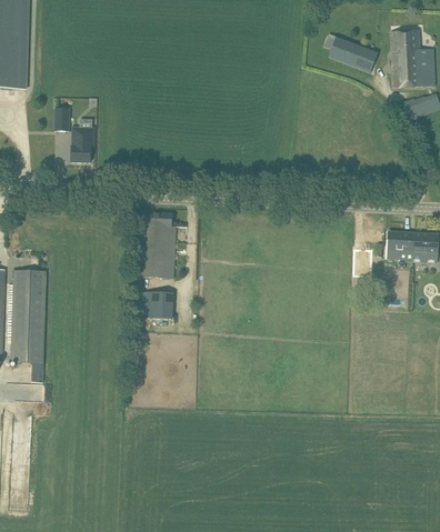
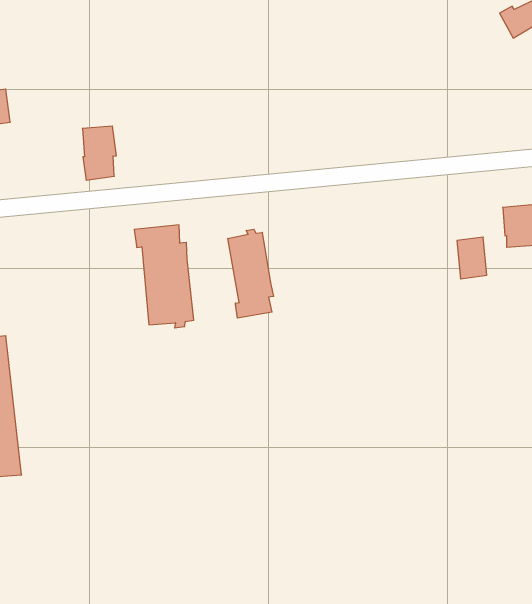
building: [71,127,93,161] -> [82,126,116,180]
building: none -> [228,229,274,318]
building: [142,291,173,318] -> none

